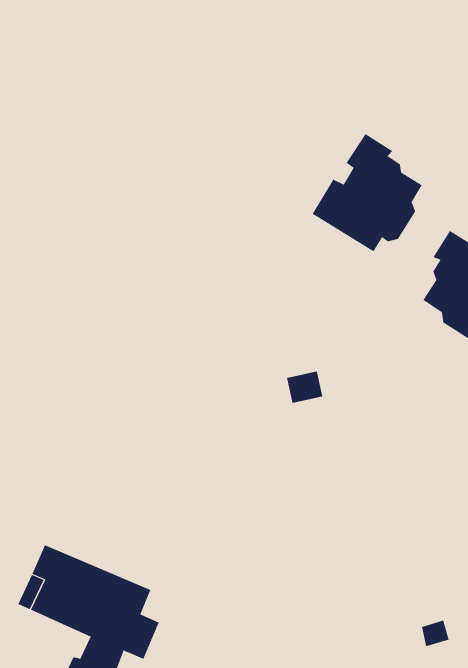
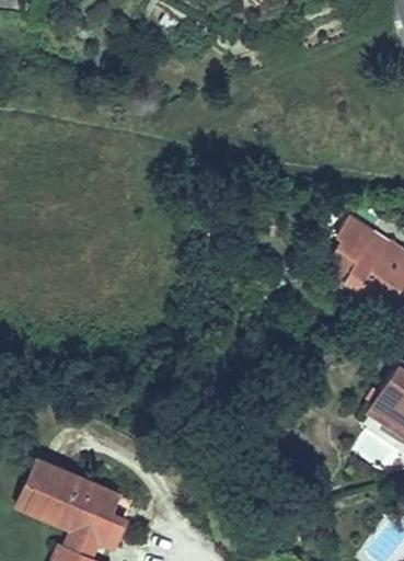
building: [312,133,422,252] -> none

